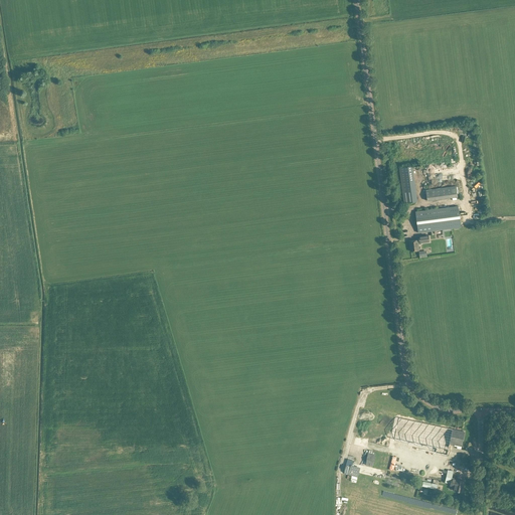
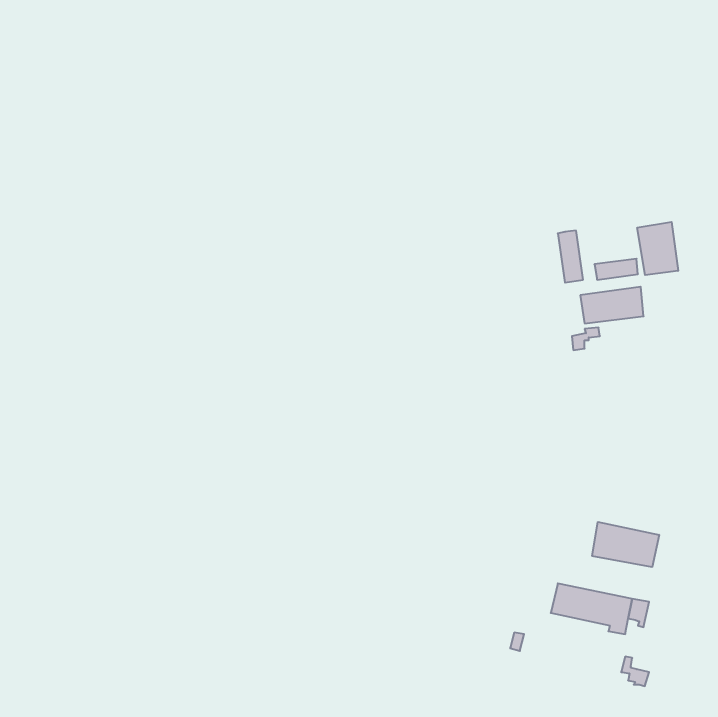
building: none -> [637,222,678,275]
building: none -> [592,522,659,567]

